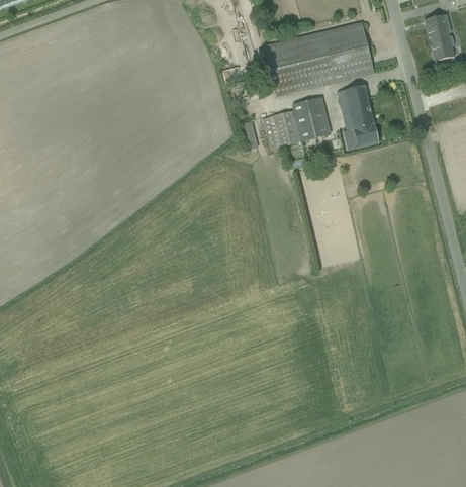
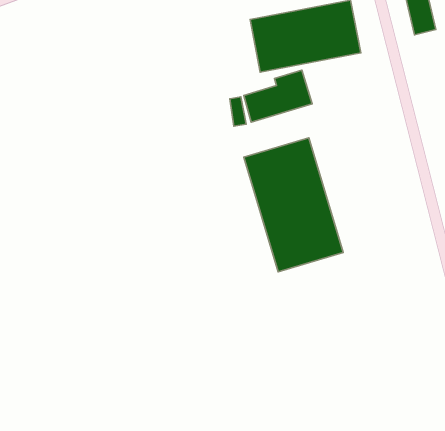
building: [336,82,377,148] -> none
building: none -> [244,138,343,272]

